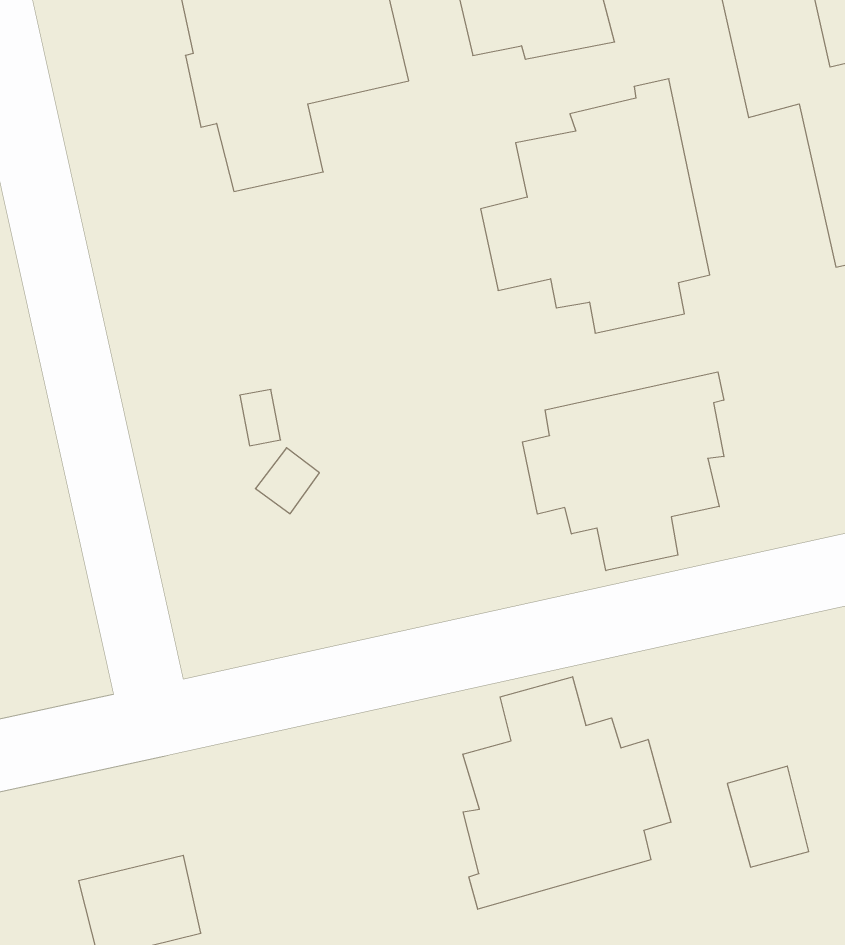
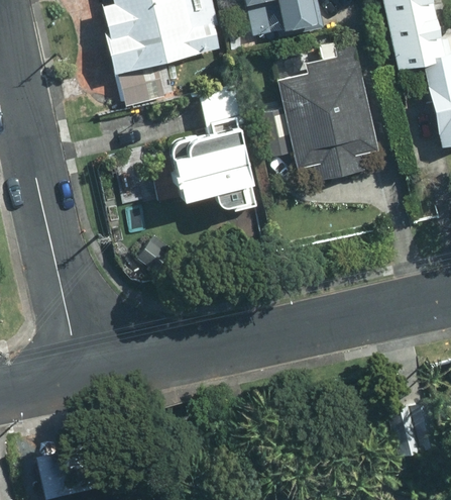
building: none -> [172,86,255,206]
building: [522,372,724,571] -> none
building: [463,677,671,909] -> none

